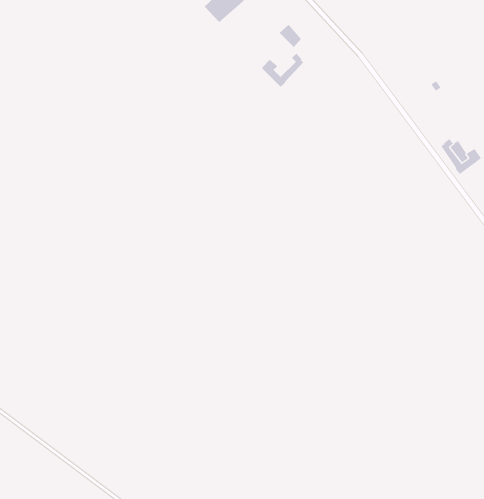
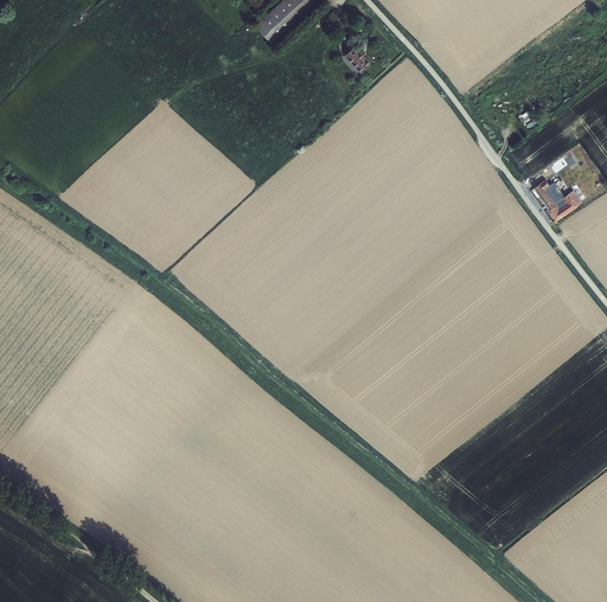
building: [261,53,304,87] -> none

